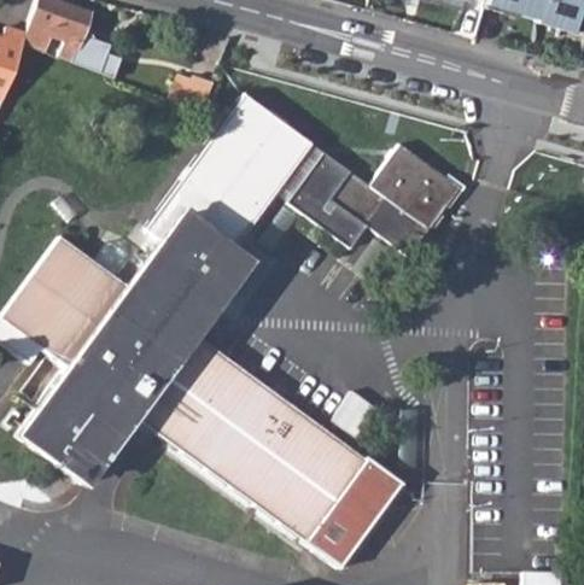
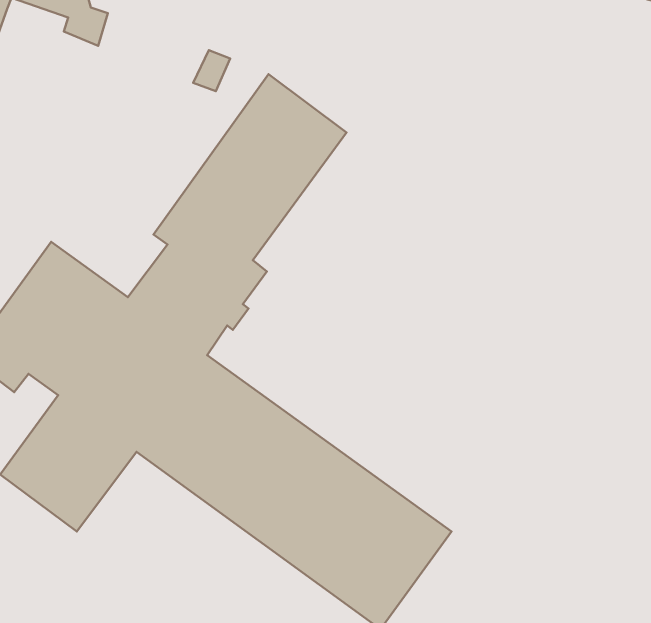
building: [287,146,460,258] -> none

